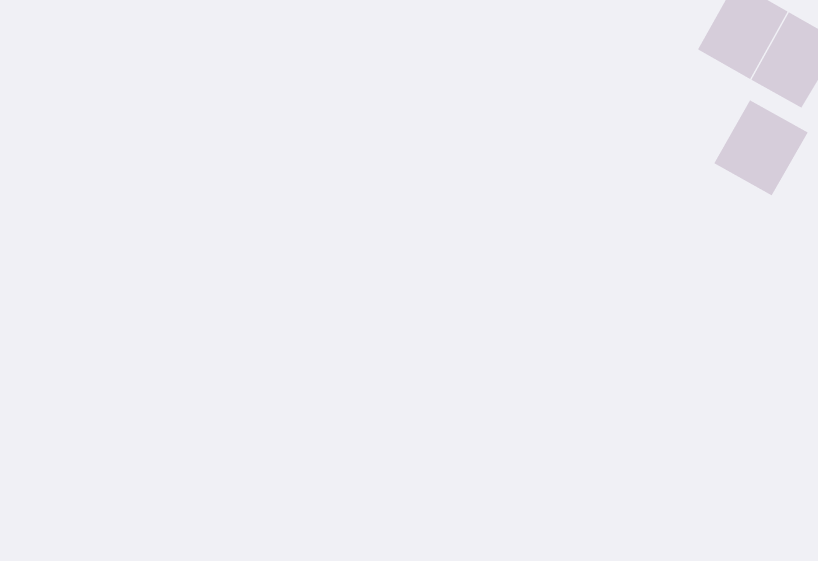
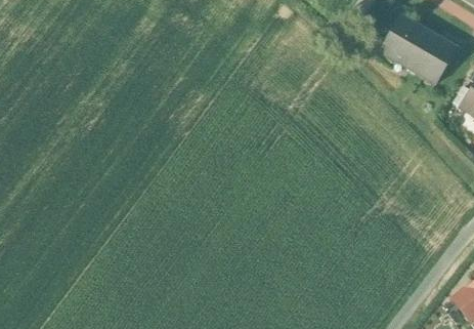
building: [713,99,809,196] -> none

